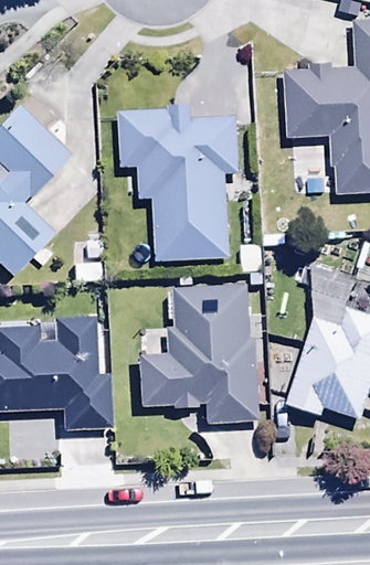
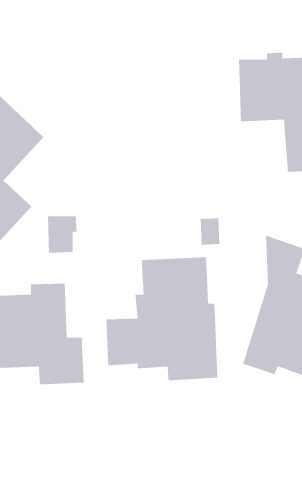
building: [117,103,239,259] -> none

